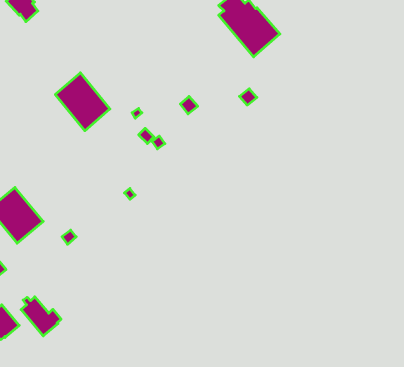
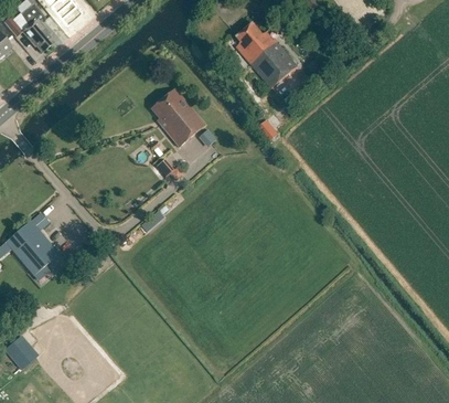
building: [55,73,110,131] -> [149,87,204,146]
building: [21,297,61,336] -> none

